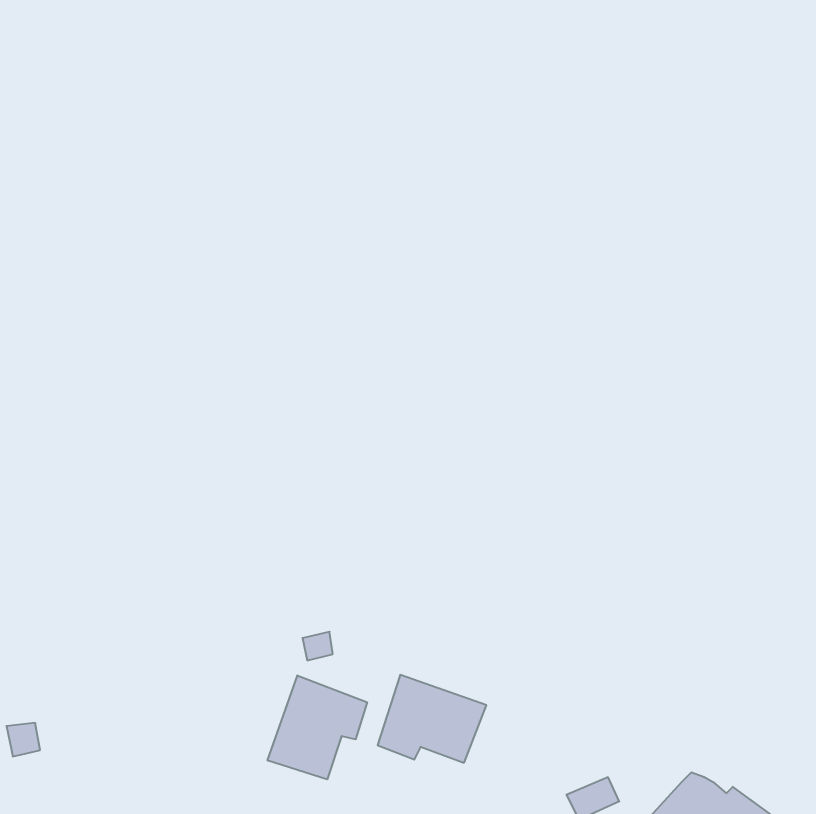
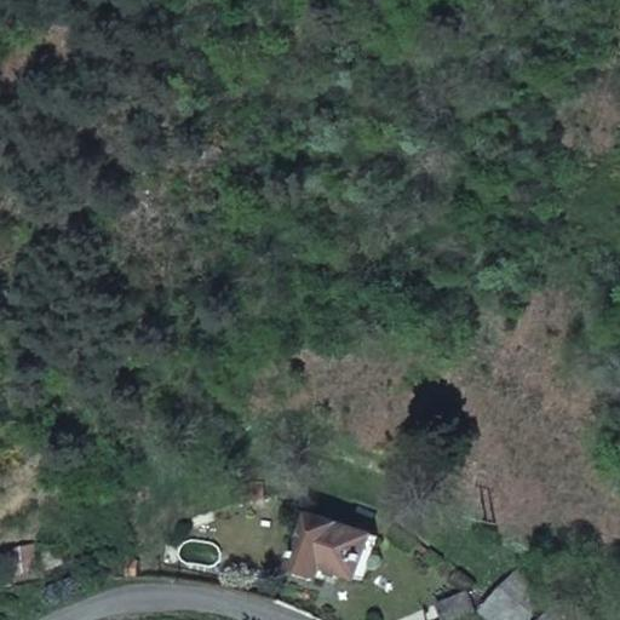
building: [268,675,367,779] -> none

